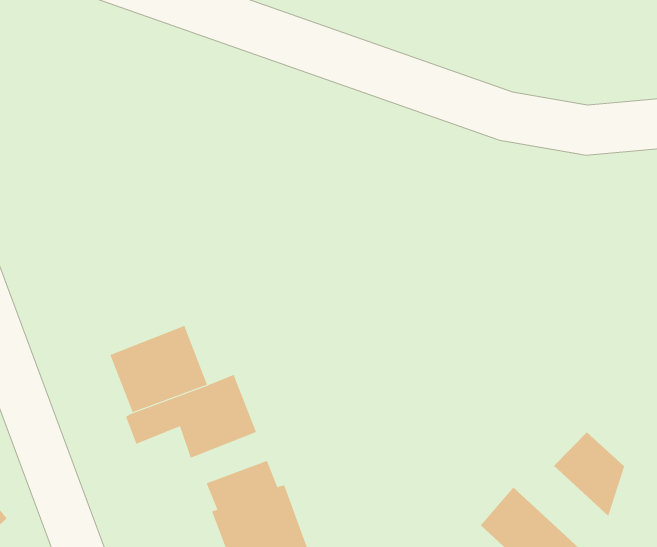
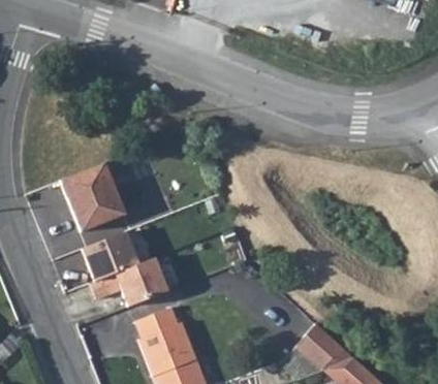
building: none -> [61,162,126,231]
building: [553,431,625,517] -> none

